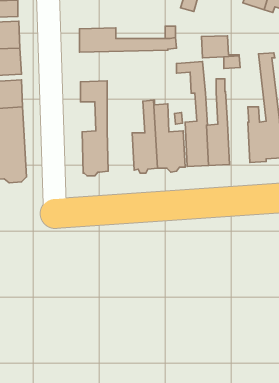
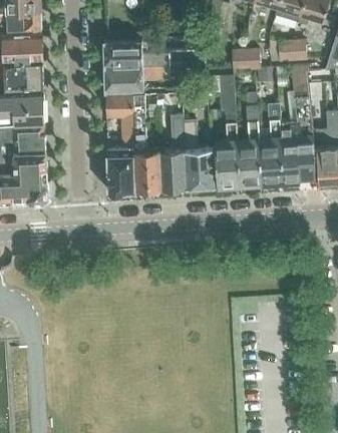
building: none -> [278,41,306,64]
building: none -> [104,65,197,92]
building: none -> [133,97,161,194]
building: none -> [259,107,282,184]

